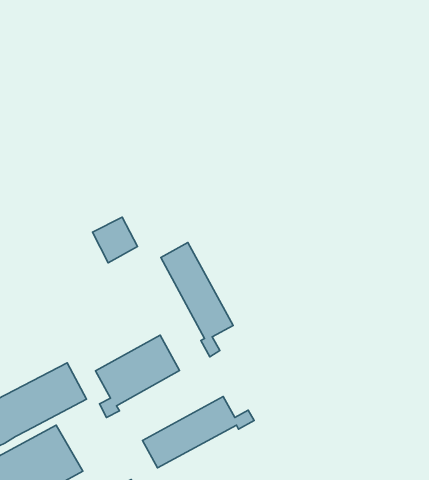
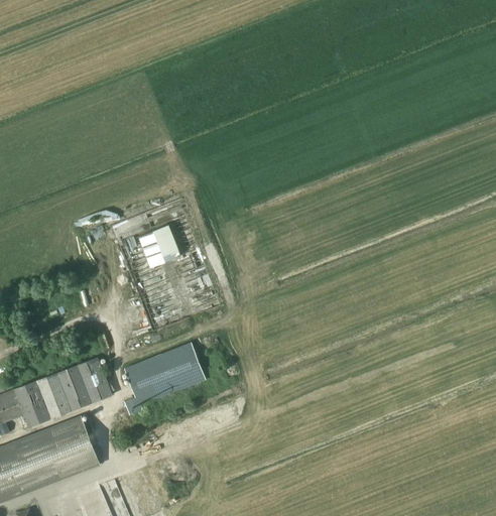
building: [161,242,233,357] -> none
building: [143,396,254,468] -> none

